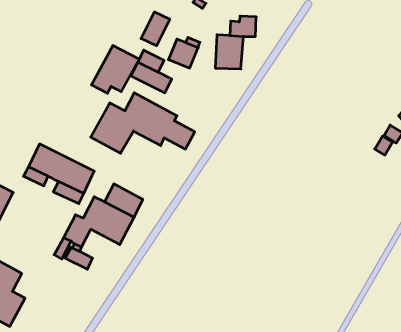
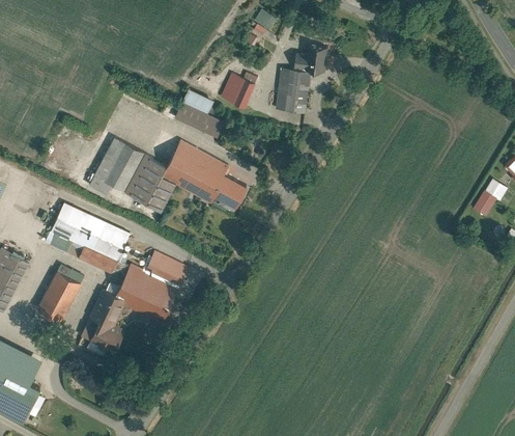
building: [141,12,170,46] -> none
building: [91,46,139,93] -> [88,137,146,195]
building: none -> [39,271,82,321]

